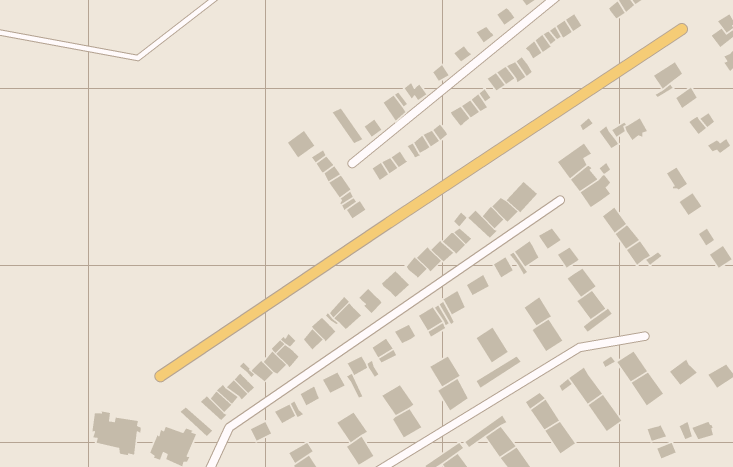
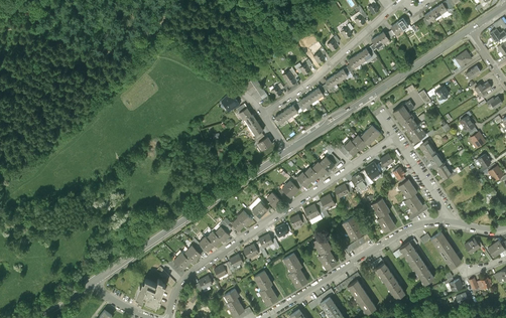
building: [92,410,141,456] -> none

